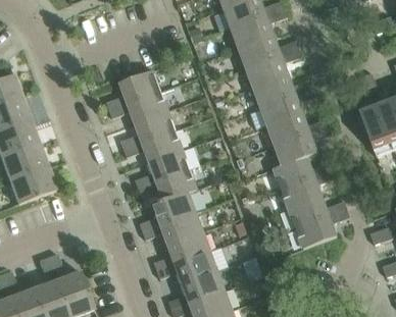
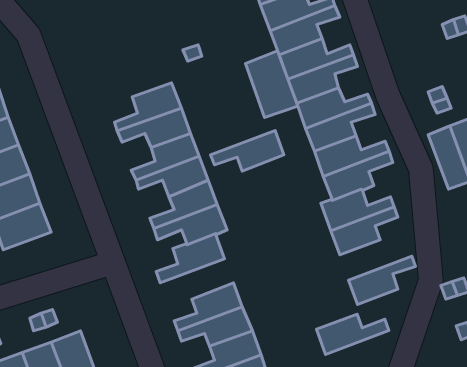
building: none -> [245,51,298,118]
building: [288,197,346,229] -> [317,314,389,355]
building: [143,212,202,245] -> [211,131,284,171]

